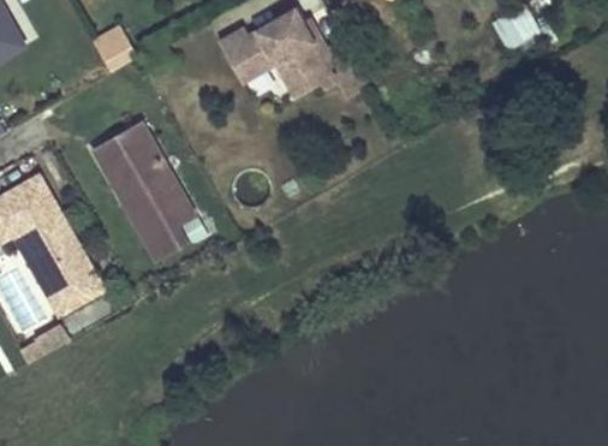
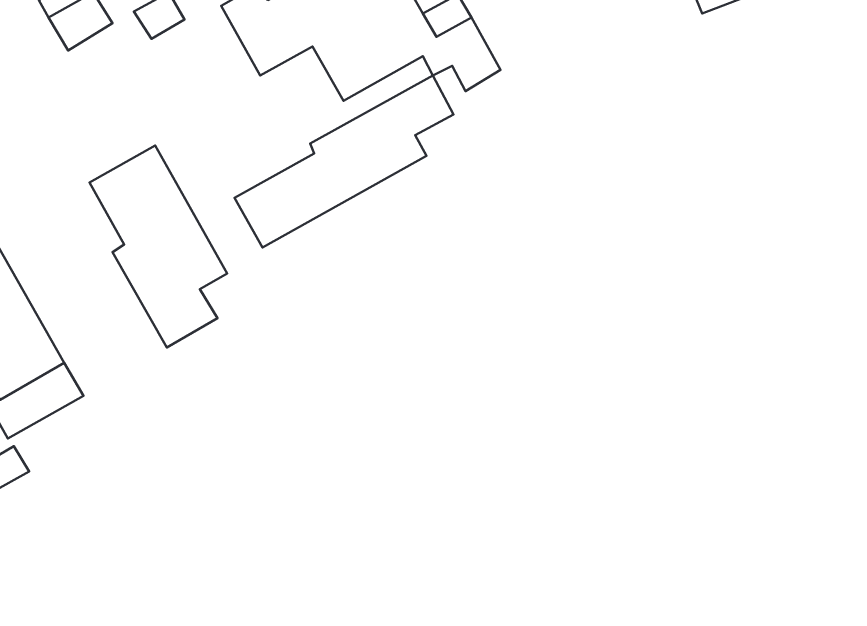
building: none -> [235,76,453,248]
building: [95,119,153,201] -> none

